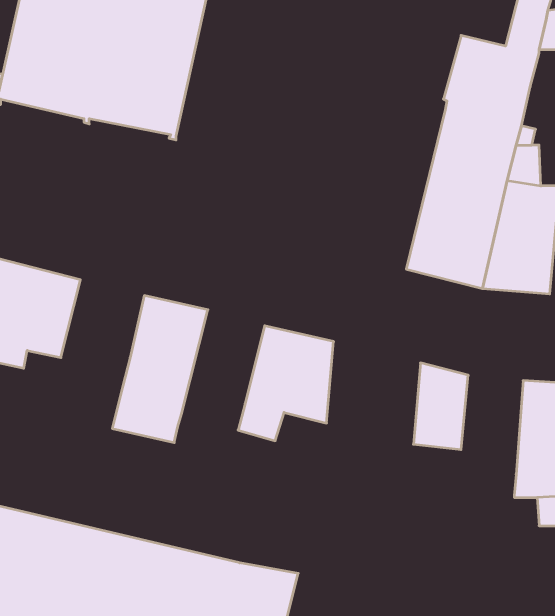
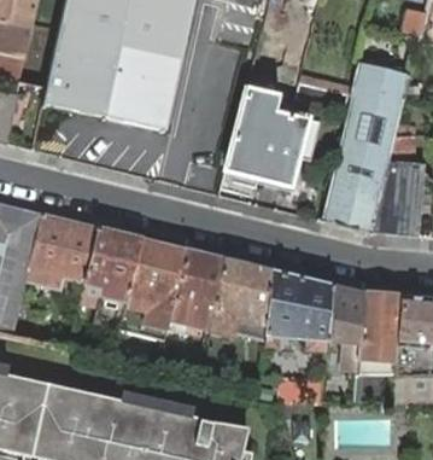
building: none -> [221,87,320,196]
building: none -> [81,227,142,328]
building: none -> [163,248,224,339]
building: none -> [265,269,330,350]
building: none -> [357,292,400,374]

